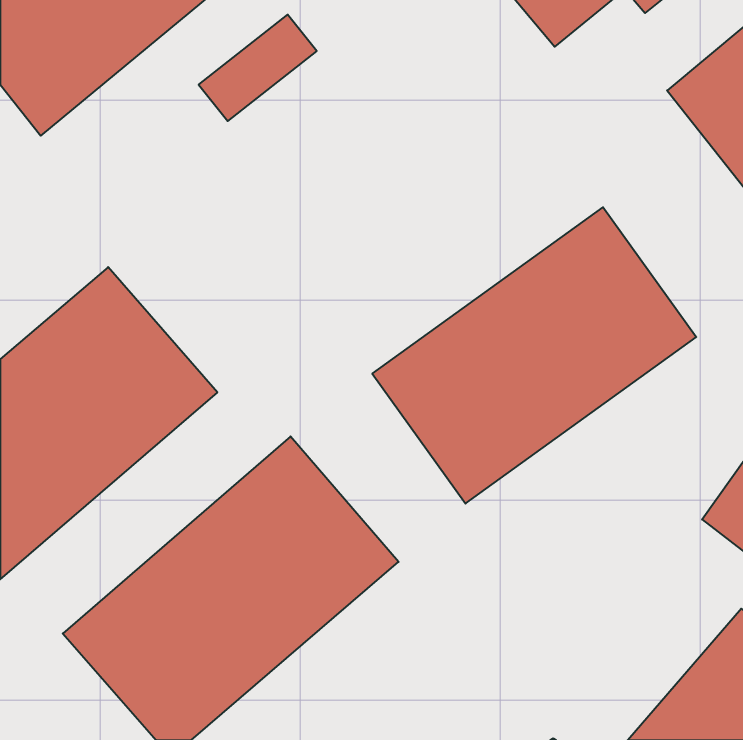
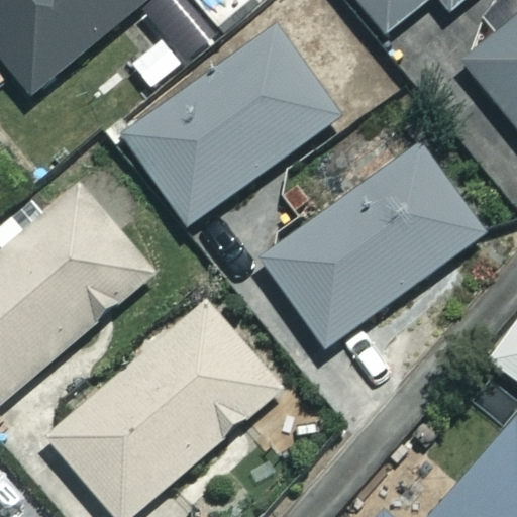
building: none -> [123,27,338,223]

